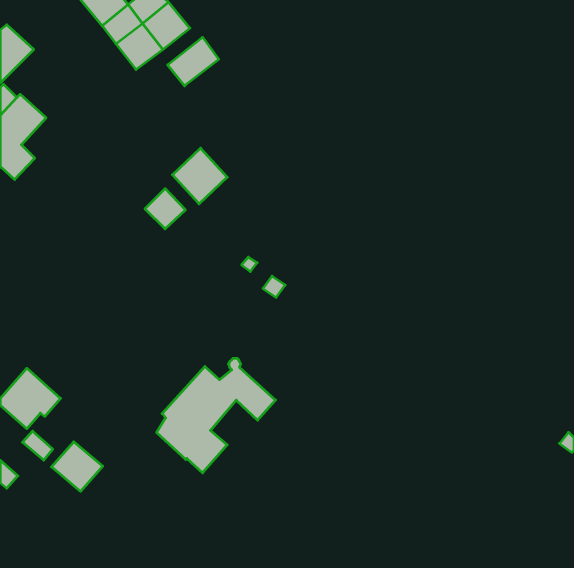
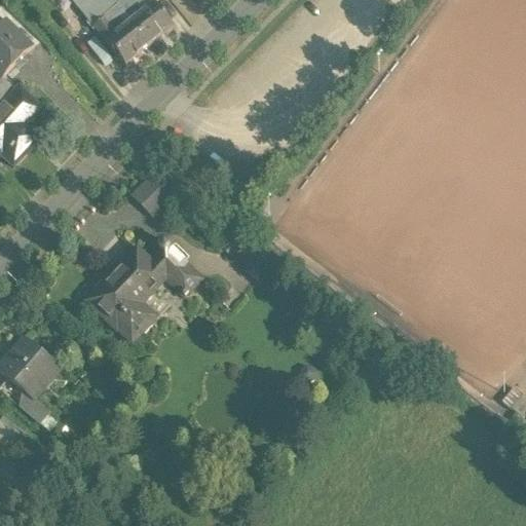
building: [168,37,219,86] -> none
building: [172,148,227,204] -> none
building: [157,358,276,473] -> [90,236,199,341]
building: [51,442,103,491] -> none

